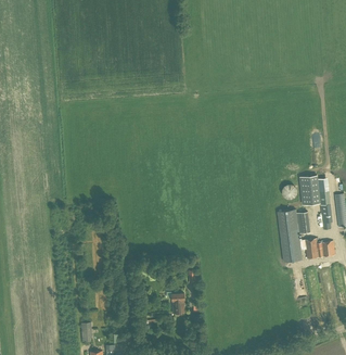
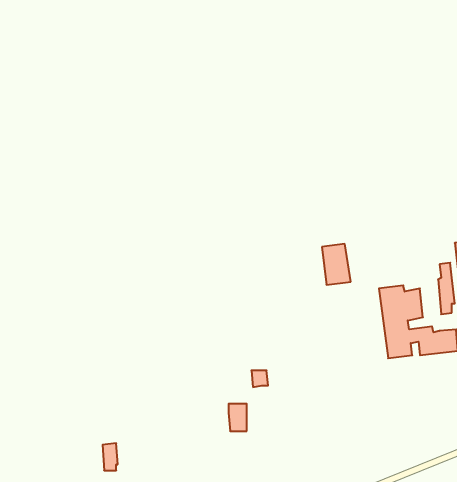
building: [299,175,320,204] -> [322,244,351,285]

